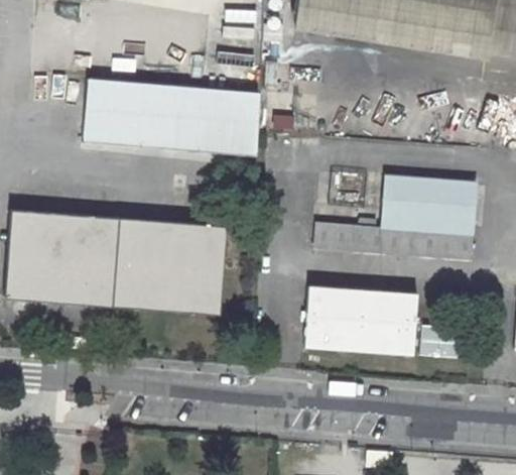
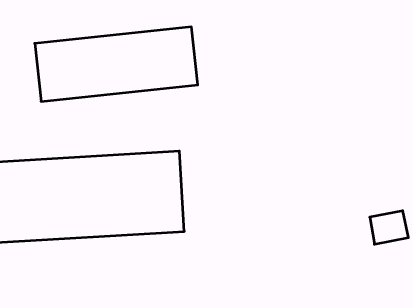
building: [315,176,477,259] -> none
building: [304,286,417,355] -> none

